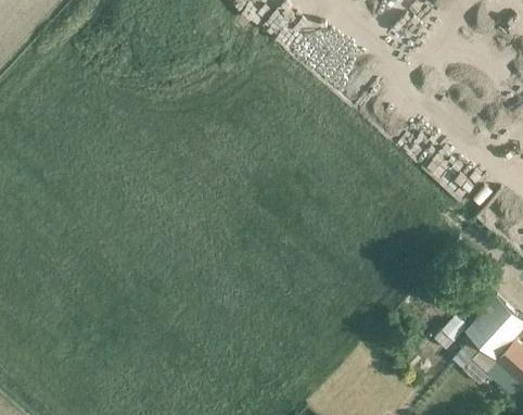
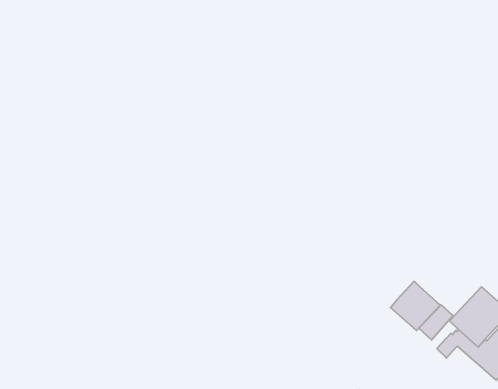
building: none -> [390,281,440,331]

